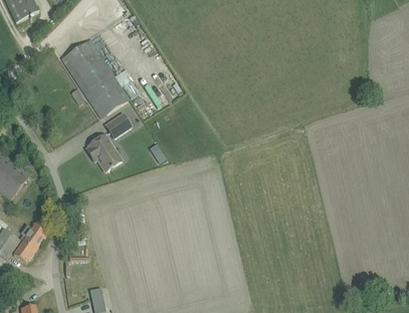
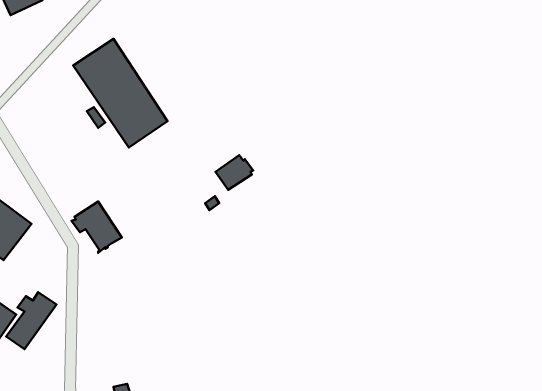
building: [105,111,132,136] -> [216,155,253,190]
building: [85,134,122,172] -> [72,201,122,253]

